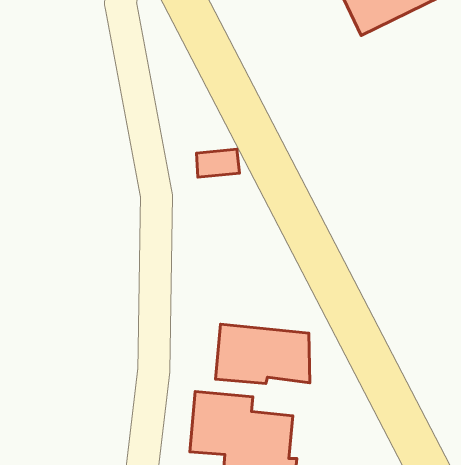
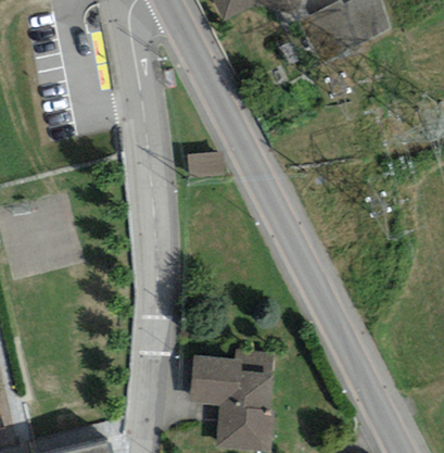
building: [215,324,310,384] -> none

